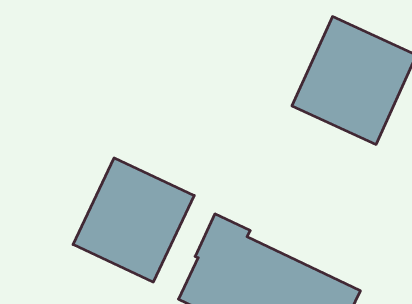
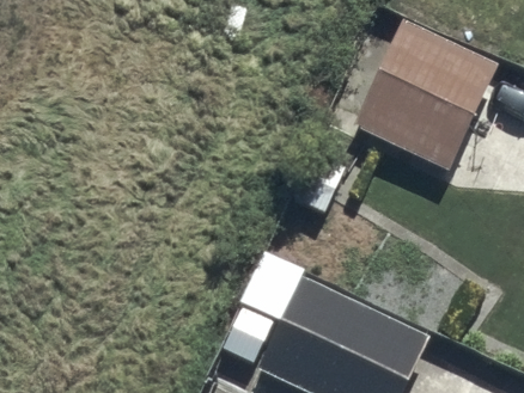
building: [73,158,194,282] -> none

